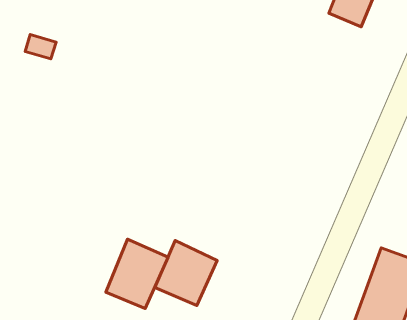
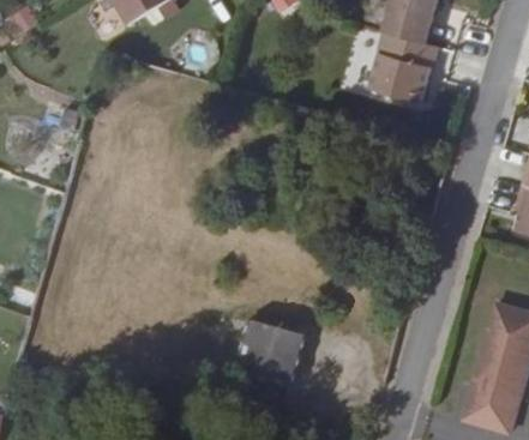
building: none -> [371,31,440,103]
building: [106,239,168,309] -> none

